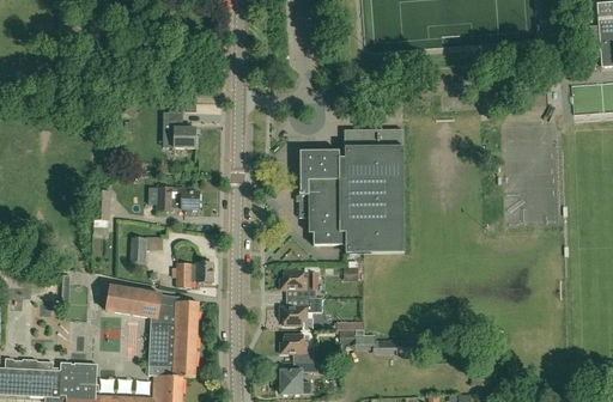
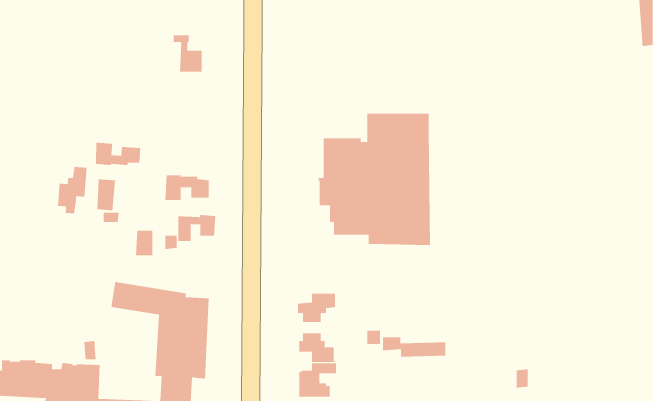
building: [168,112,195,147] -> [173,35,202,72]
building: none -> [96,142,141,166]
building: none -> [57,166,87,214]
building: [177,262,213,287] -> [178,214,216,241]
building: [280,269,316,297] -> none

